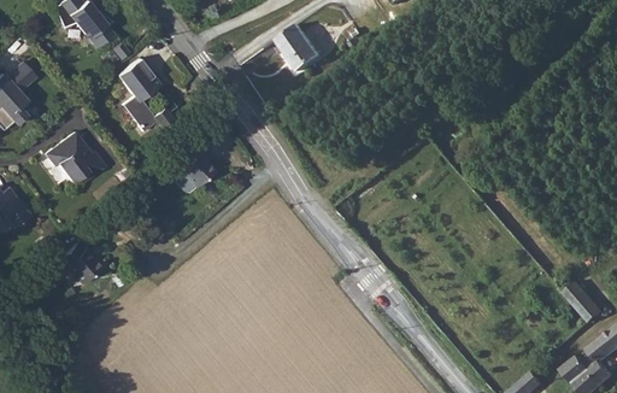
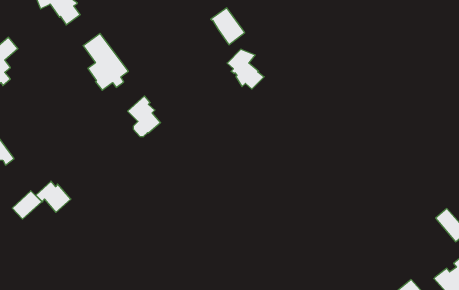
building: none -> [227,49,264,89]
building: [43,131,102,182] -> none
building: none -> [12,191,42,219]

